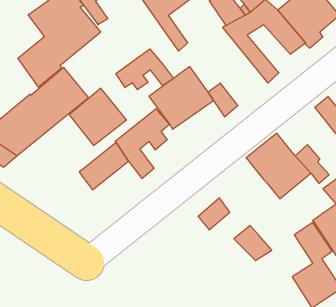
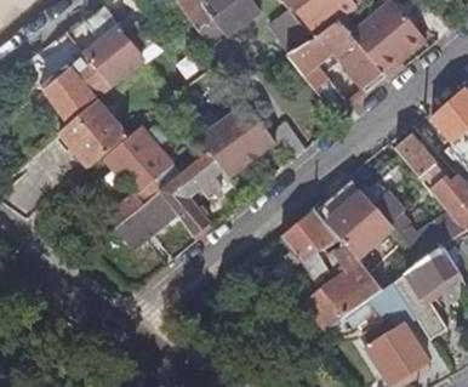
building: [116,49,173,90] -> none
building: none -> [278,207,335,267]
building: none -> [323,237,382,317]

